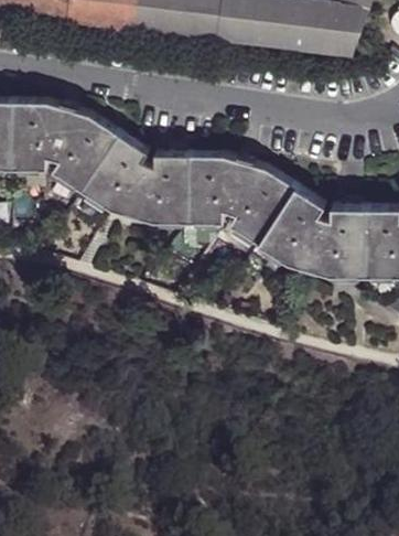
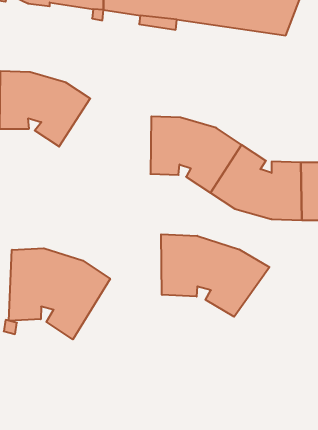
building: [83,133,191,222] -> none
building: none -> [161,234,269,317]
building: none -> [9,248,110,339]

